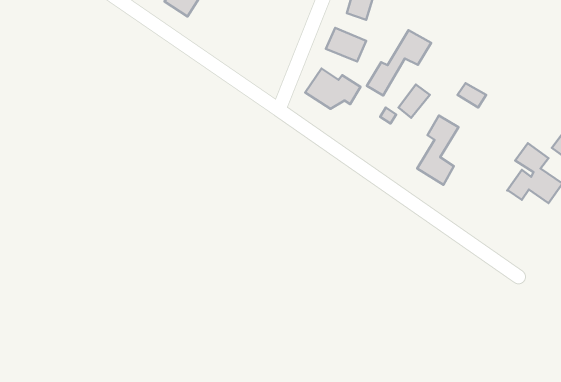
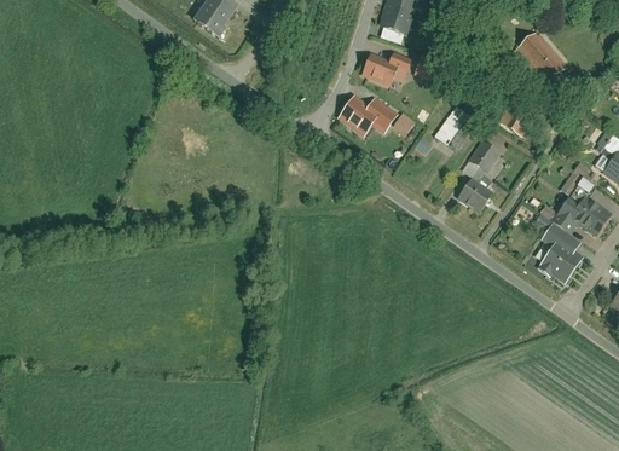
building: none -> [514,30,565,82]
building: [367,30,431,95] -> none
building: none -> [537,220,580,279]

